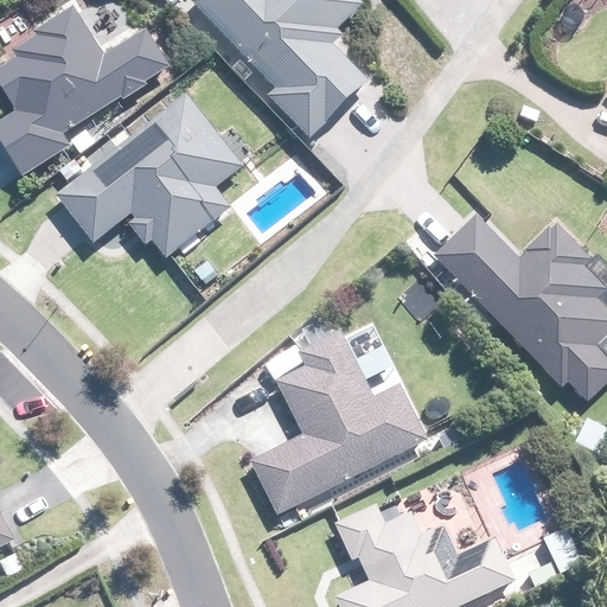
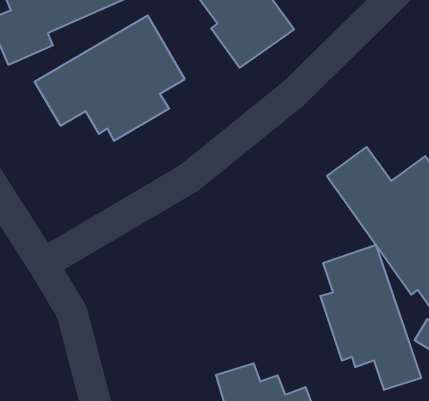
building: [250,330,427,516] -> none
building: none -> [320,245,421,390]

